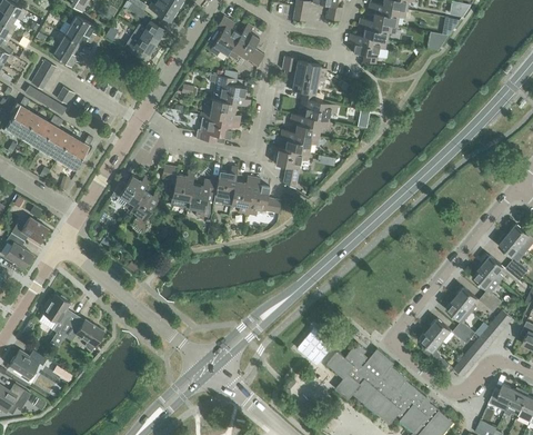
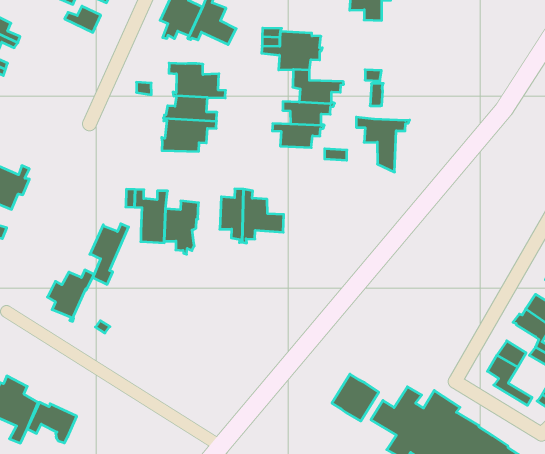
building: [123,29,155,59] -> none
building: [271,145,312,190] -> [356,117,410,172]
building: [213,167,238,207] -> none
building: [113,175,151,212] -> [47,270,94,321]

